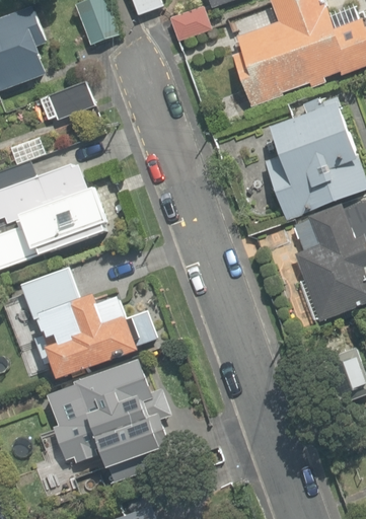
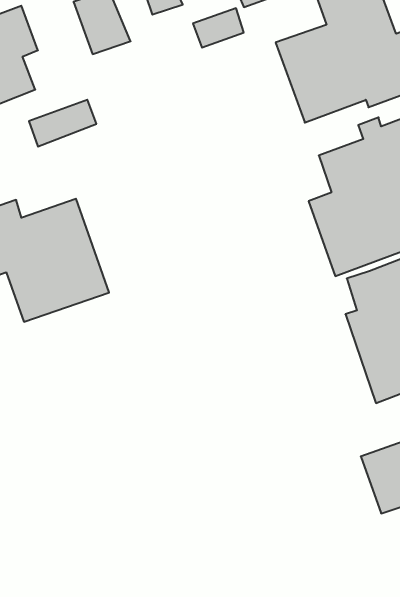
building: [21,266,158,378] -> none
building: [48,357,169,469] -> none

